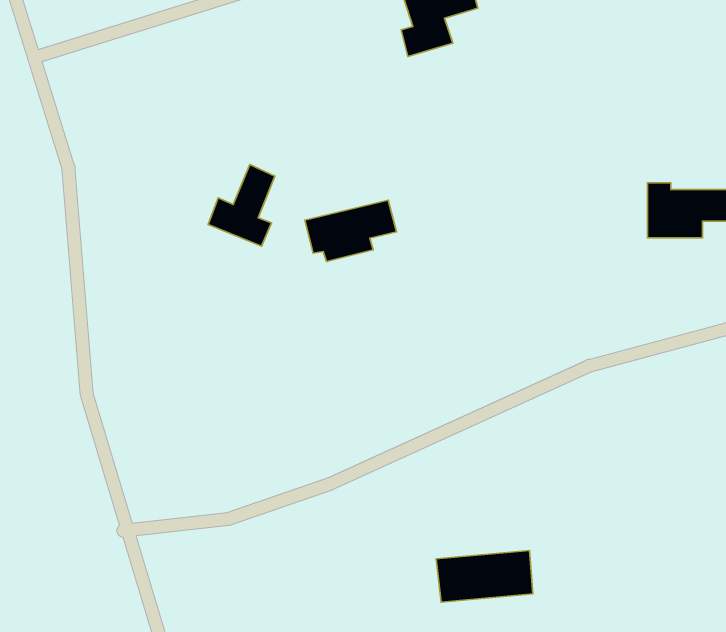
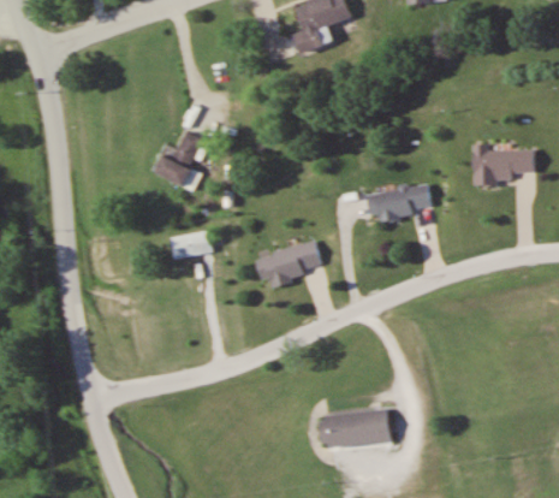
building: [305,200,396,262] -> [255,243,321,287]
building: none -> [368,185,430,223]
building: none -> [170,232,210,259]

